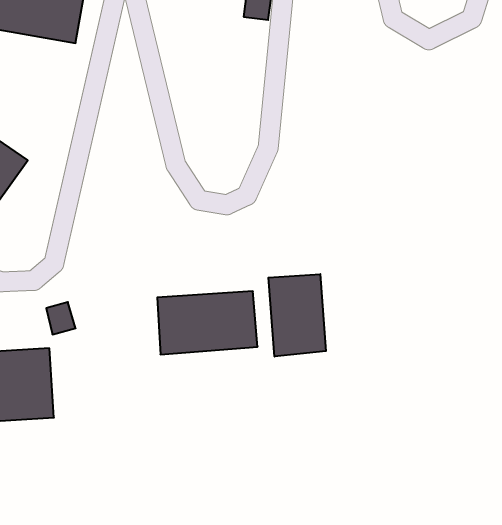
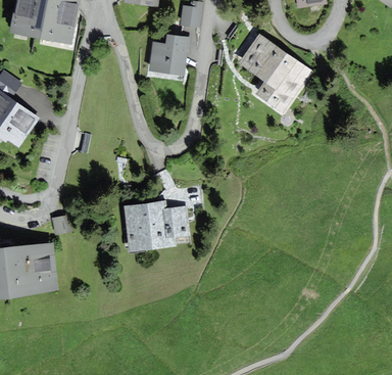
building: none -> [150,35,187,74]
building: none -> [241,35,311,111]
building: [268,274,326,357] -> none

